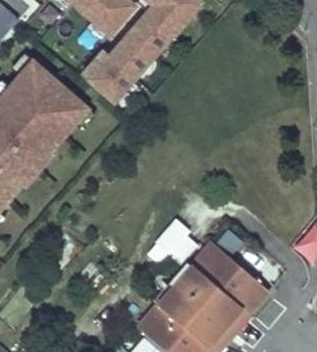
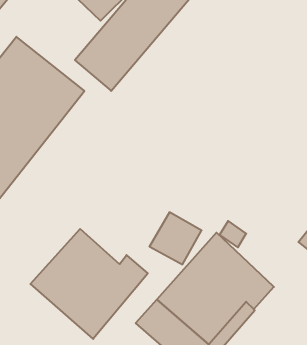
building: none -> [30,229,148,339]

